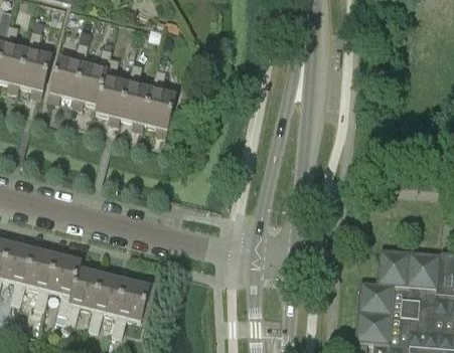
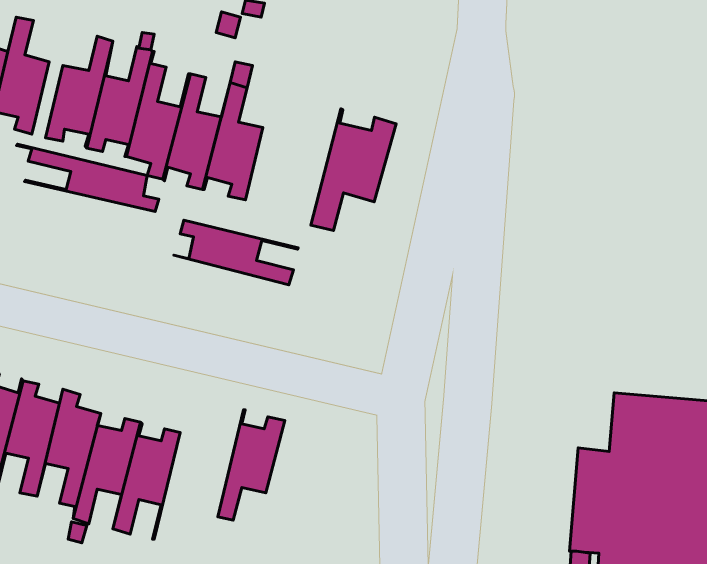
building: none -> [311,109,396,230]
building: none -> [17,144,159,212]
building: none -> [174,220,298,285]
building: [113,272,152,336] -> [218,410,285,520]

